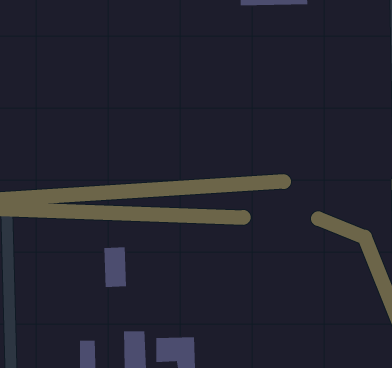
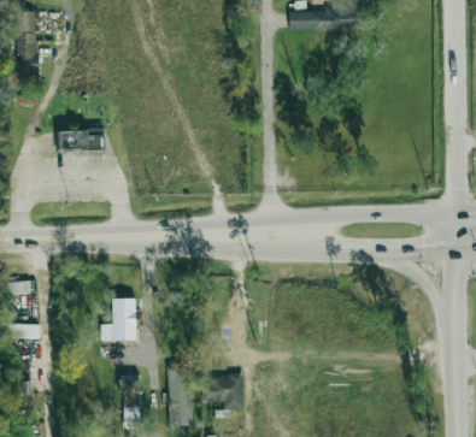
building: none -> [55,130,105,153]
building: [104,246,127,288] -> [112,299,136,342]

